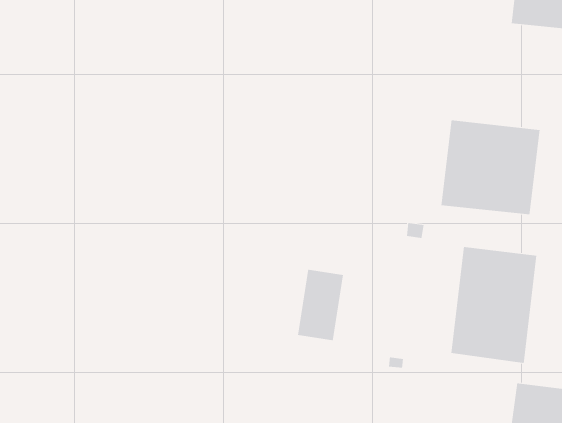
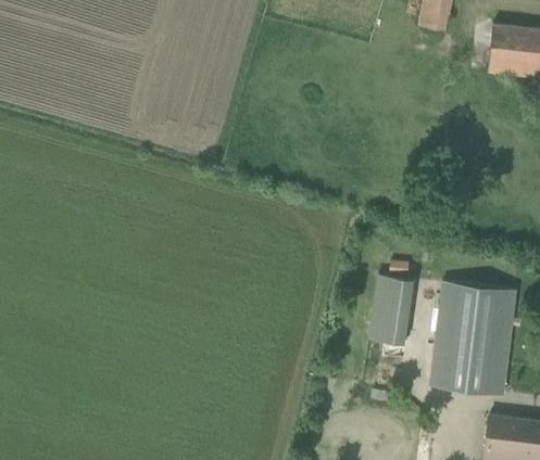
building: [441,119,540,215] -> none
building: [297,269,344,341] -> [367,276,412,344]

